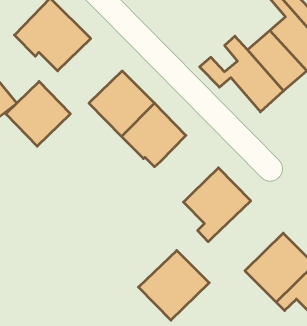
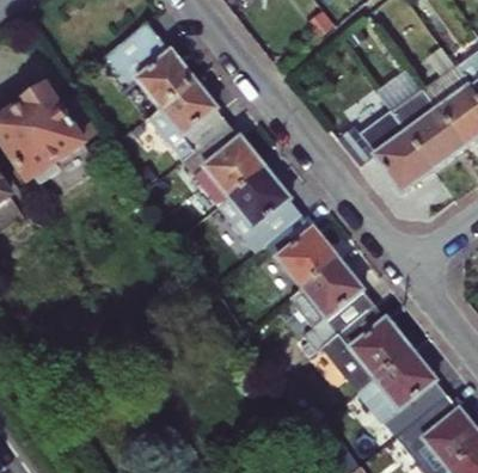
building: [6,81,70,146] -> [146,75,228,158]
building: none -> [265,211,338,287]
building: [138,250,209,320] -> [321,303,412,392]

